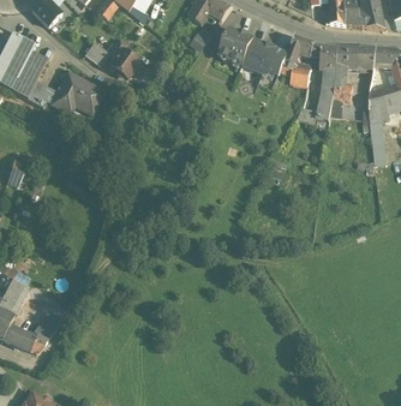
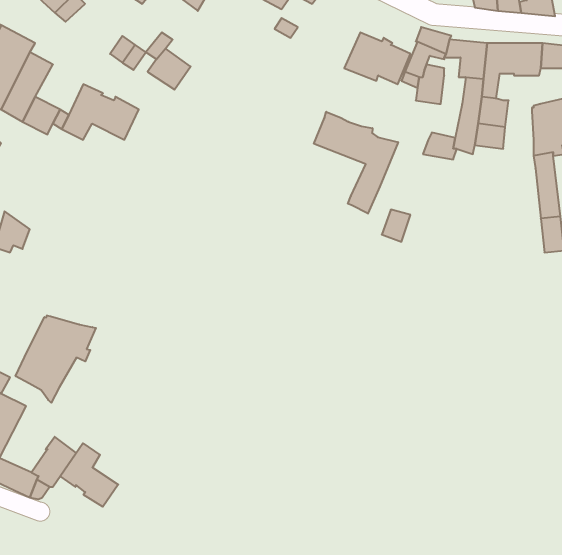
building: [219,28,253,64] -> none
building: none -> [314,112,398,214]
building: none -> [16,315,96,403]
building: none -> [60,443,118,507]

